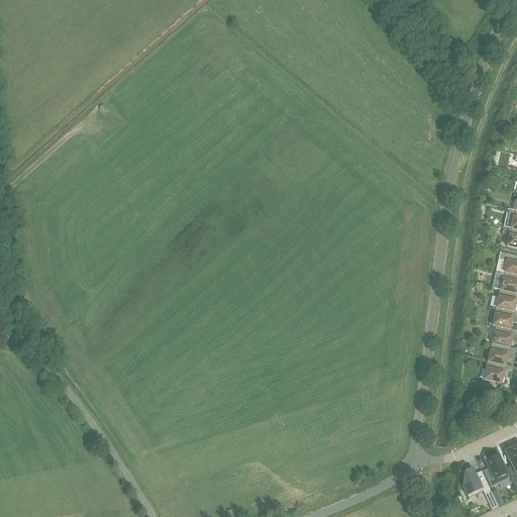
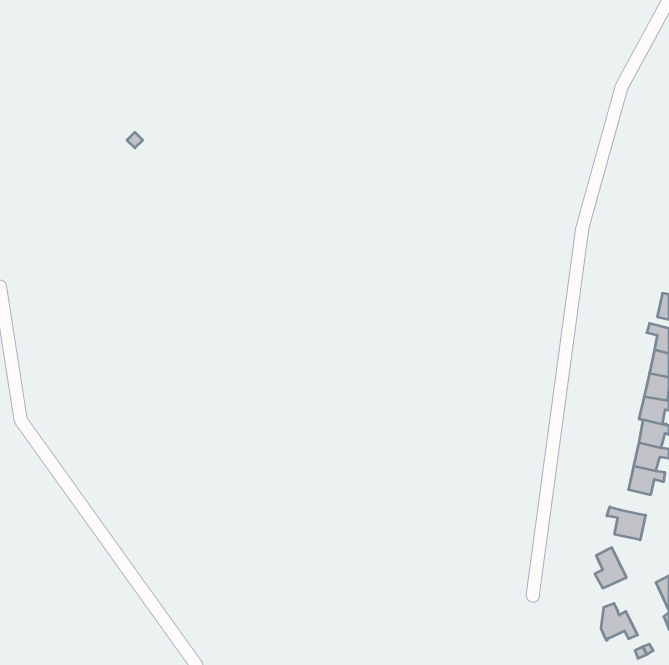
building: none -> [607,507,646,540]
building: [486,453,510,485] -> [595,548,626,588]

